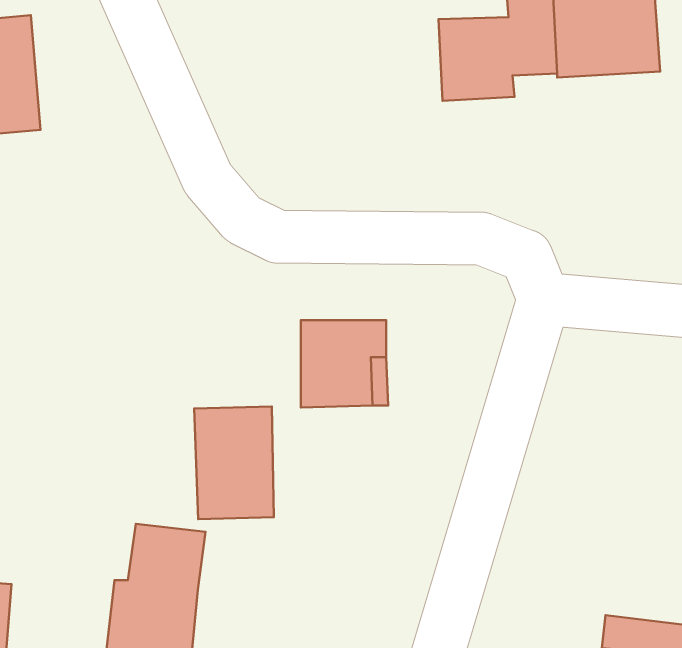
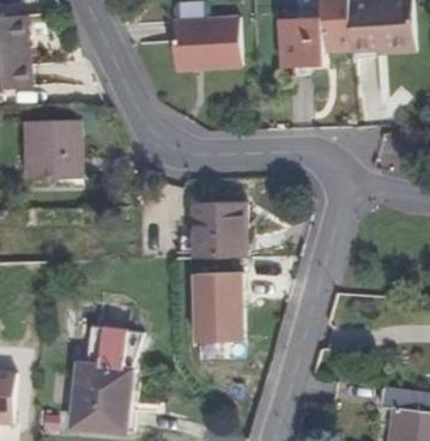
building: none -> [171,16,241,70]
building: none -> [28,119,80,179]
building: [194,406,274,519] -> [192,272,241,342]

